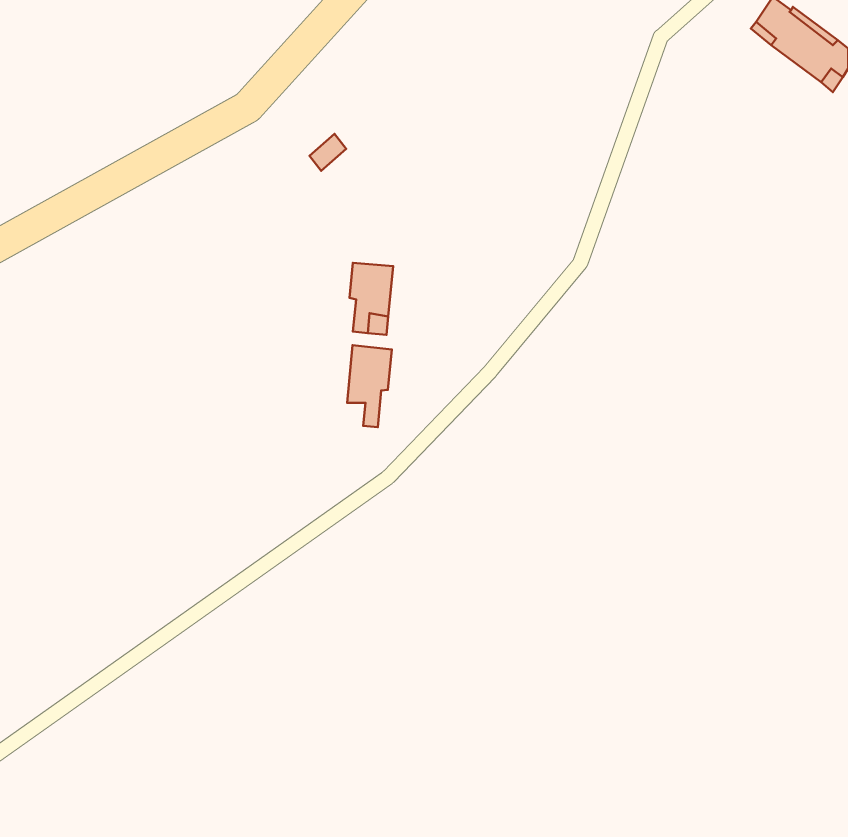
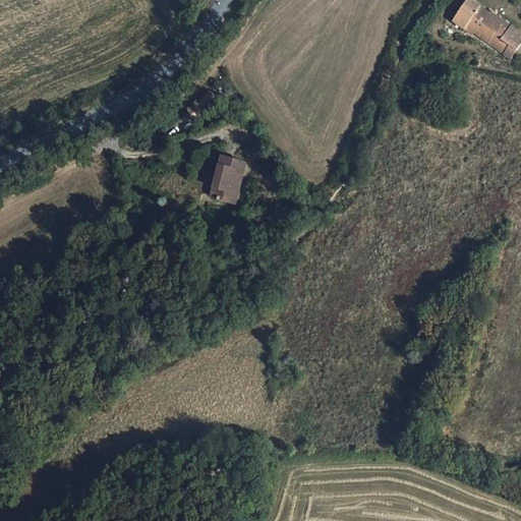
building: [347,345,392,427] -> none

